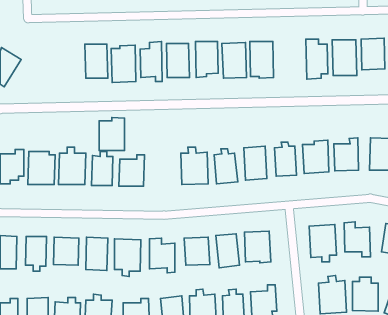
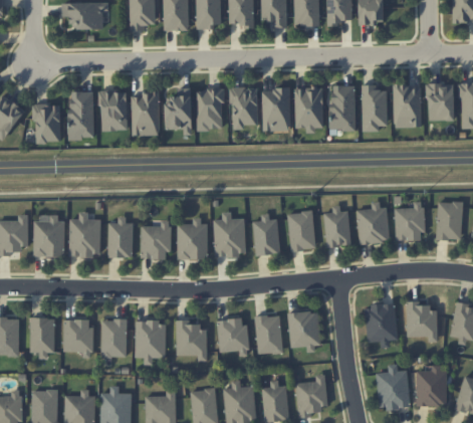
building: none -> [330,85,356,130]
building: none -> [68,91,94,139]
building: none -> [34,103,61,143]
building: [99,117,124,151] -> [178,220,208,259]

